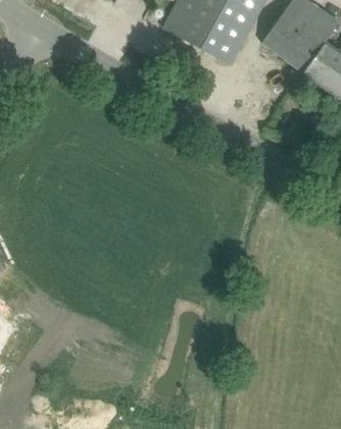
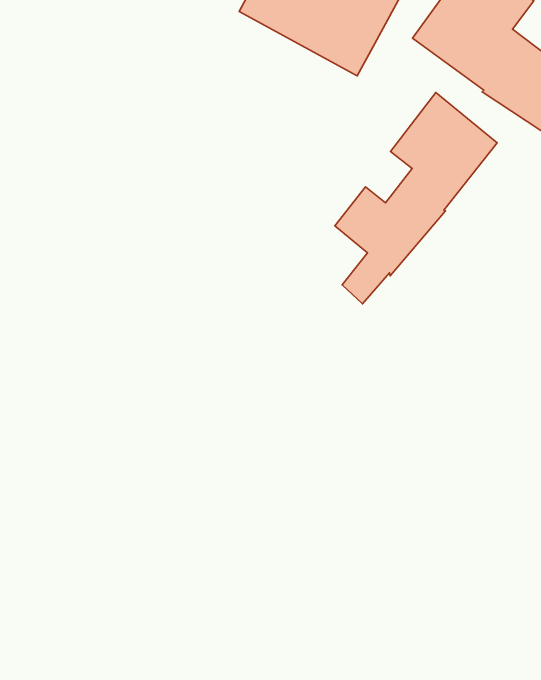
building: none -> [335,92,497,304]

